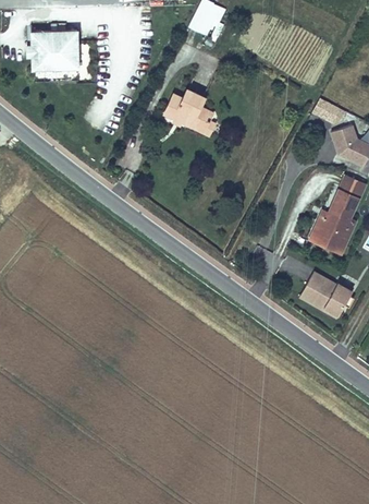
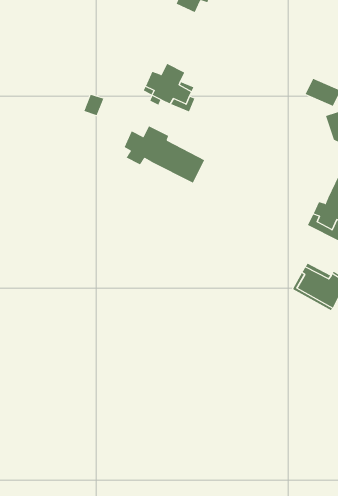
building: [30,29,77,68] -> none
building: none -> [124,126,205,184]

